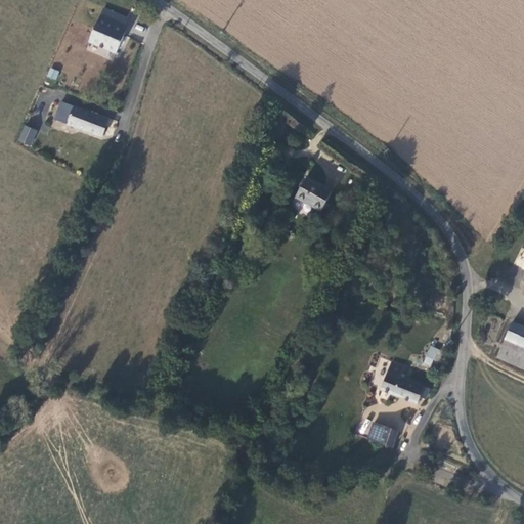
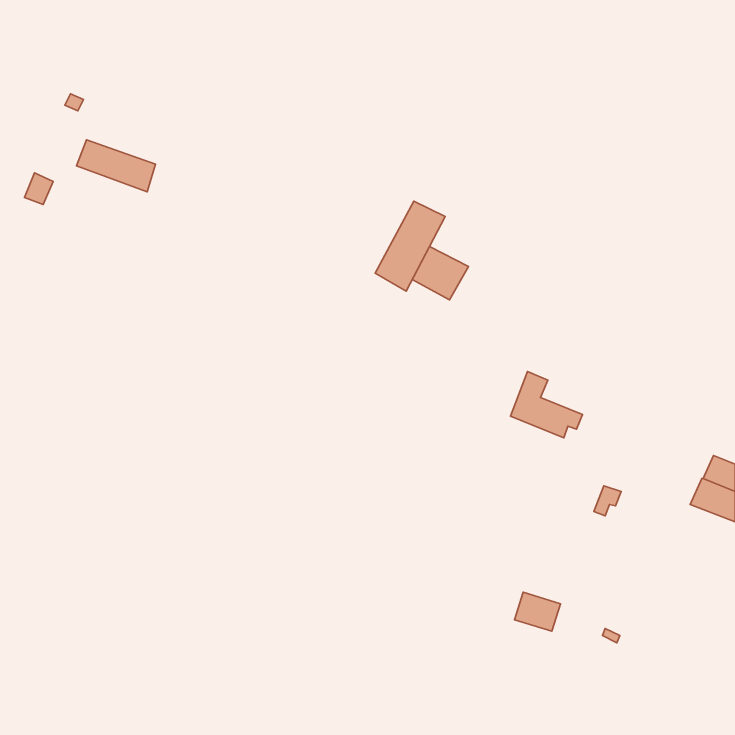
building: [89,6,129,54] -> none
building: none -> [375,201,445,291]
building: [379,357,430,404] -> [510,371,582,438]

